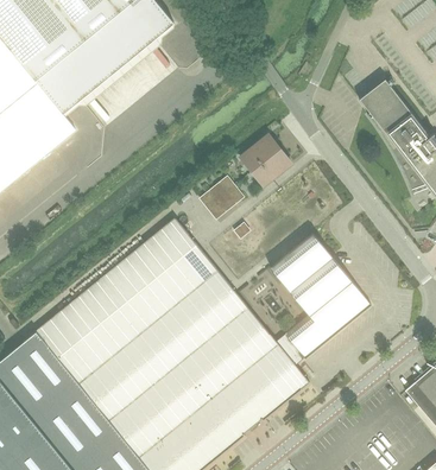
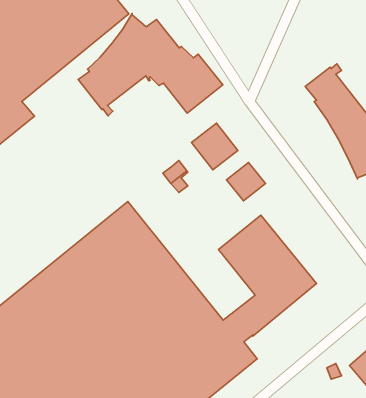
building: none -> [78,14,223,116]
building: none -> [226,162,266,201]

